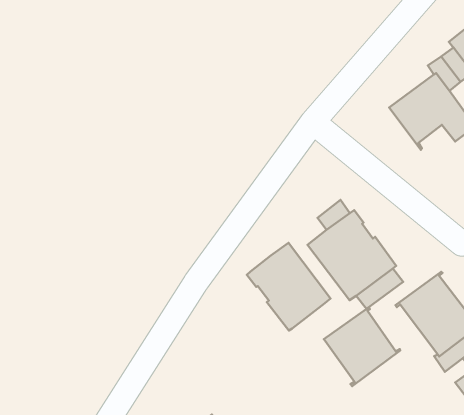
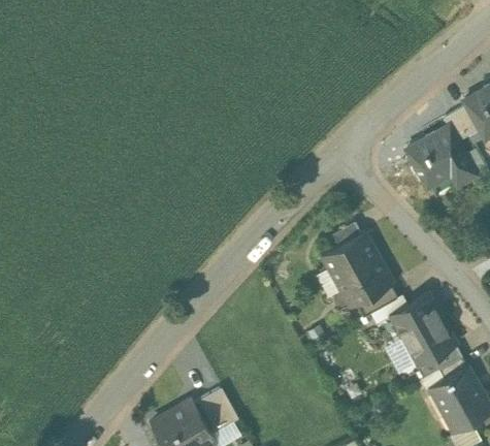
building: [247,243,330,330] -> none
building: [324,308,400,386] -> none

